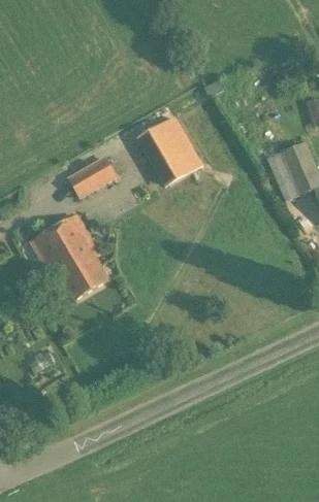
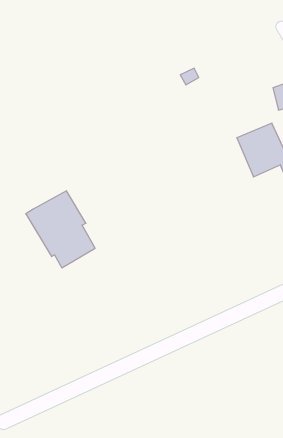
building: [136,116,203,189] -> none
building: [67,155,117,198] -> none

